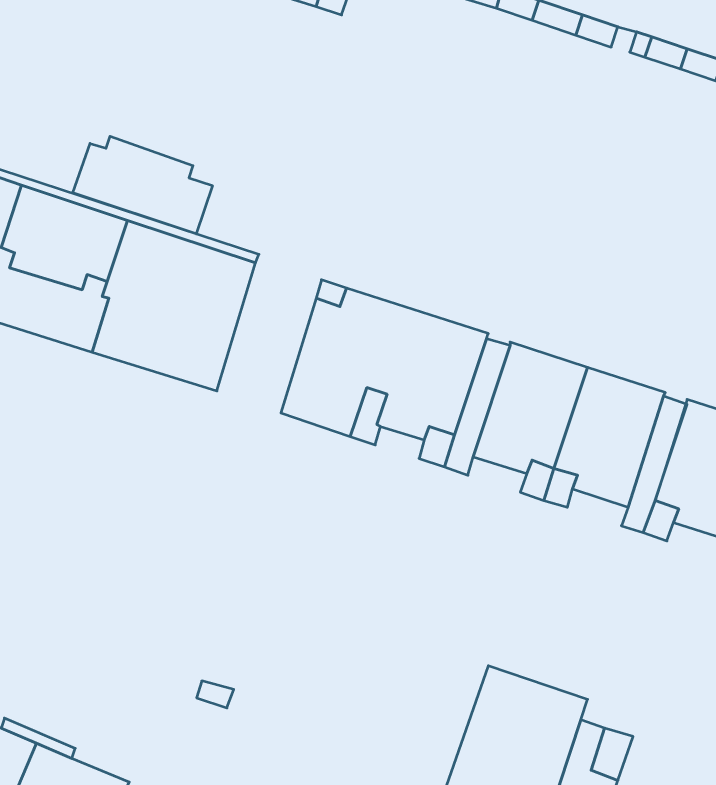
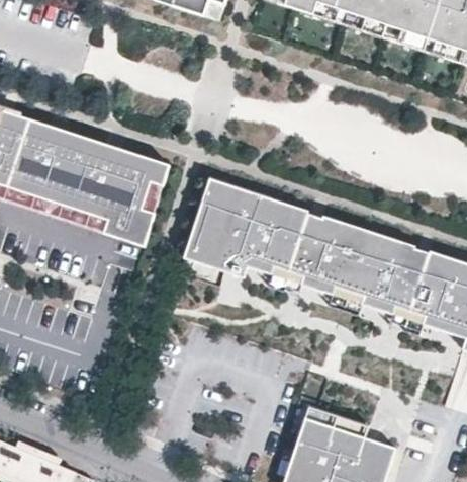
building: [73,136,212,234] -> none

